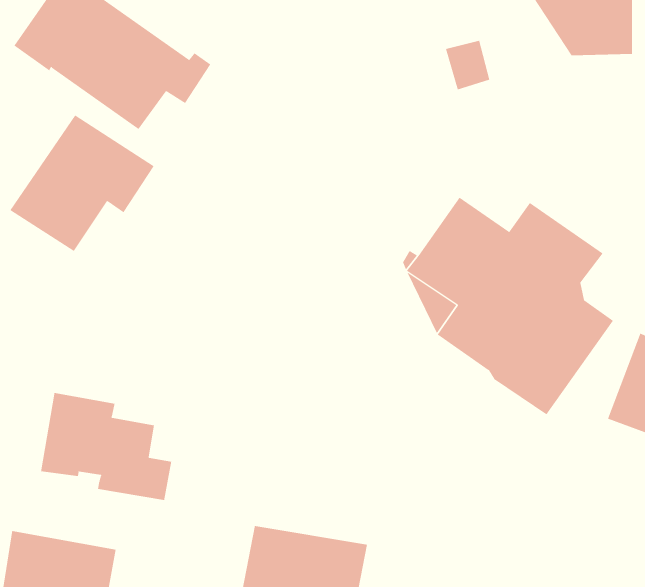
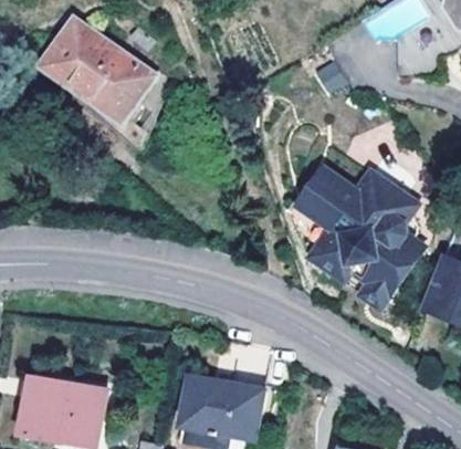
building: [10,114,155,252] -> none
building: [40,392,172,501] -> none

